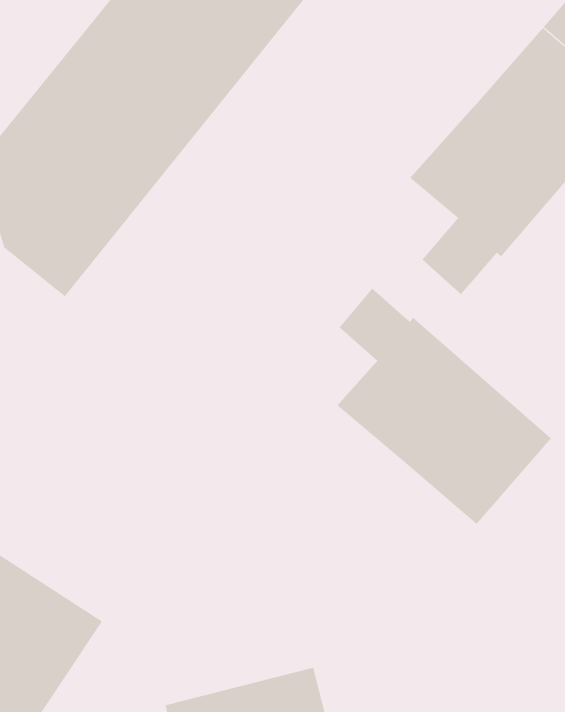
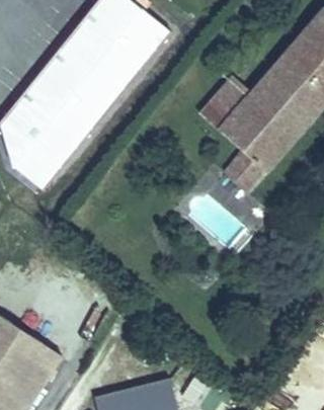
building: none -> [200,77,251,130]
building: [336,288,552,525] -> none

